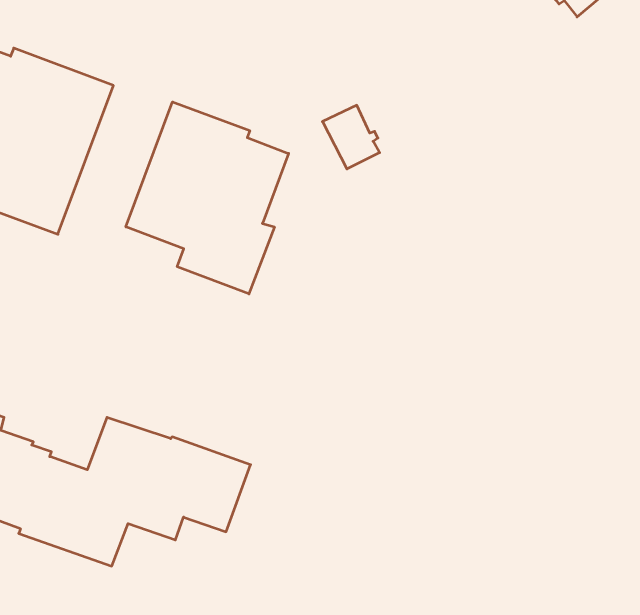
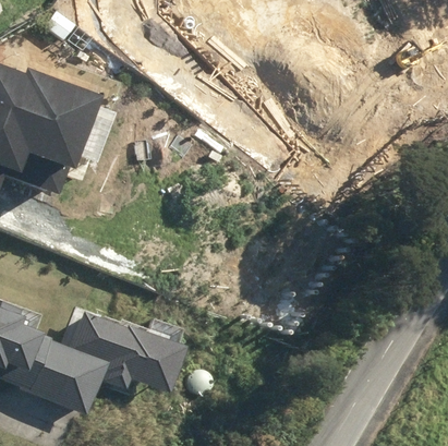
building: [126,102,289,294] -> none

